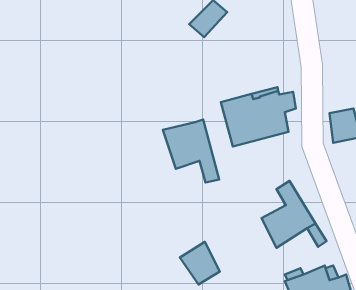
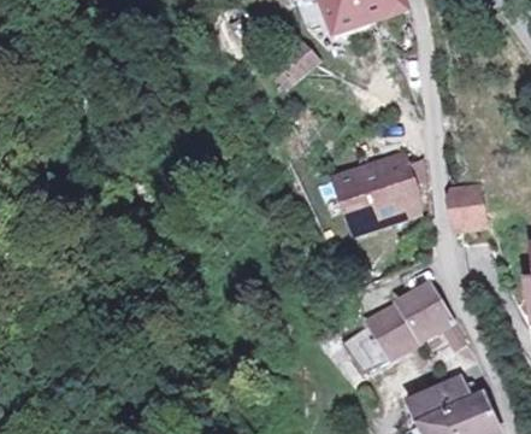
building: [163,120,219,183] -> none
building: [180,242,220,284] -> [344,318,396,374]

